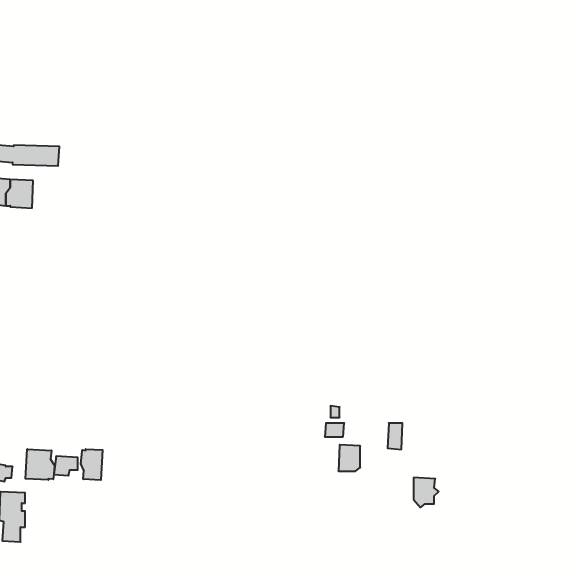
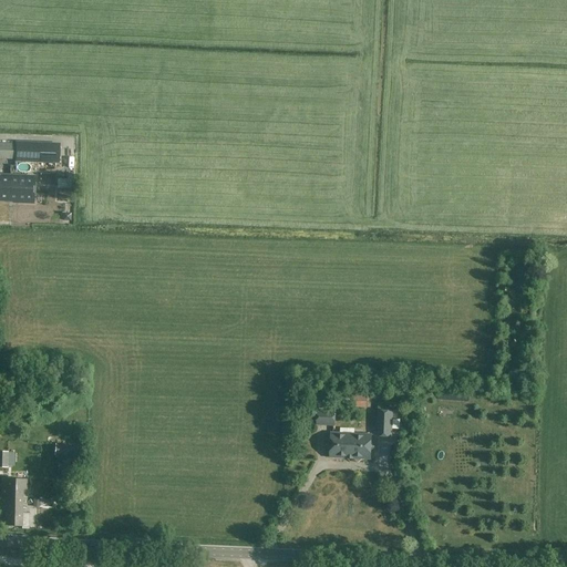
building: [81,449,103,480] -> none
building: [25,449,55,480] -> none
building: [414,478,439,507] -> [349,432,373,461]

